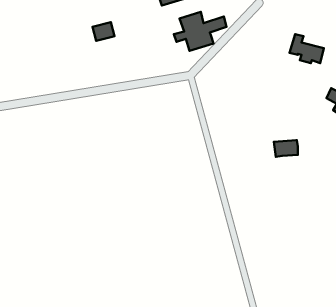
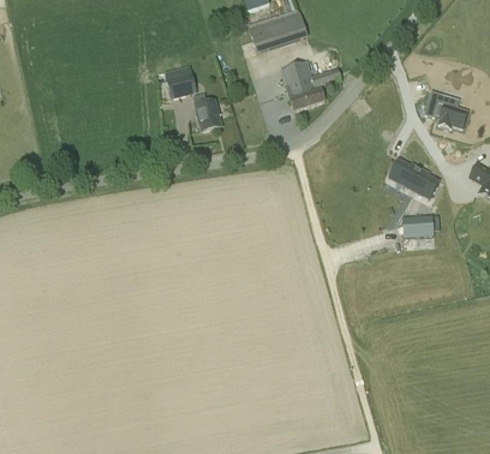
building: none -> [195,97,220,130]
building: none -> [390,159,438,193]

